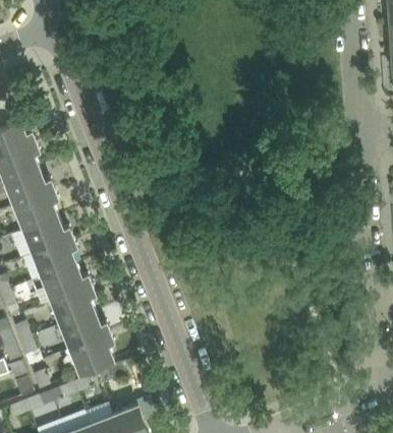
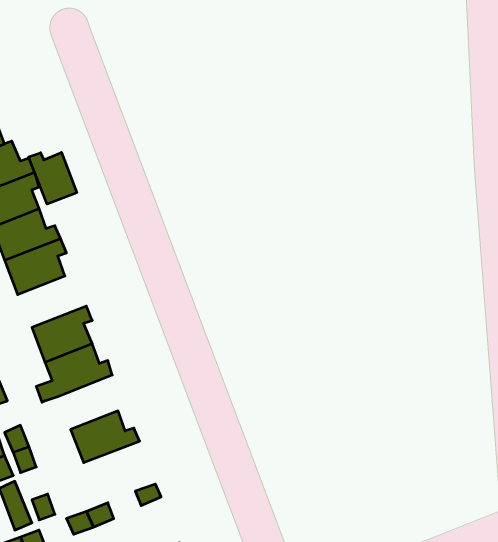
building: none -> [29,152,77,204]
building: [22,215,71,252] -> none
building: [51,286,94,324] -> none
building: [69,332,112,373] -> none

